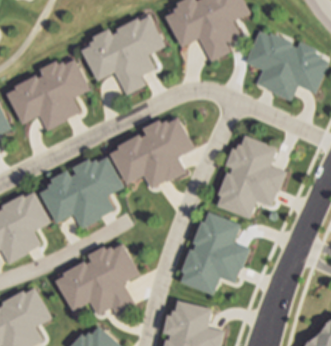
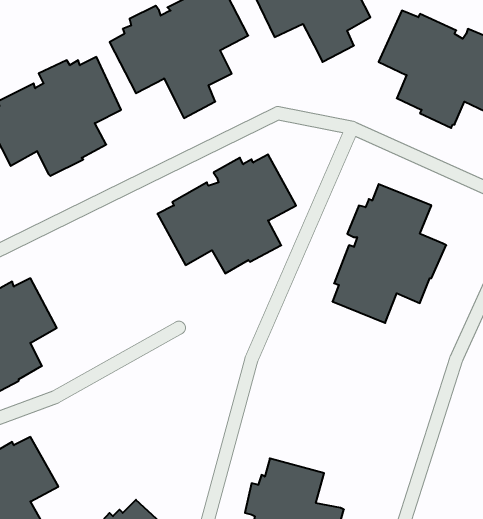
building: [38,156,122,228] -> none
building: [180,212,249,296] -> none
building: [55,244,138,317] -> none

